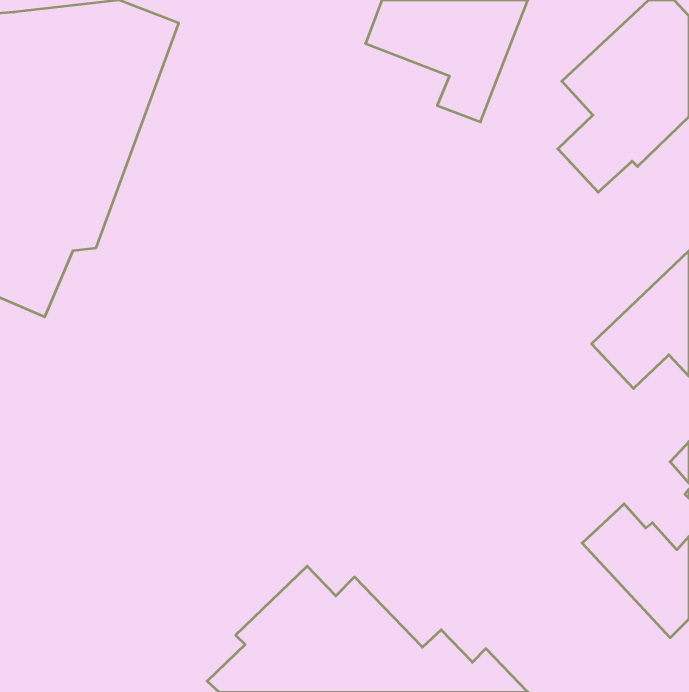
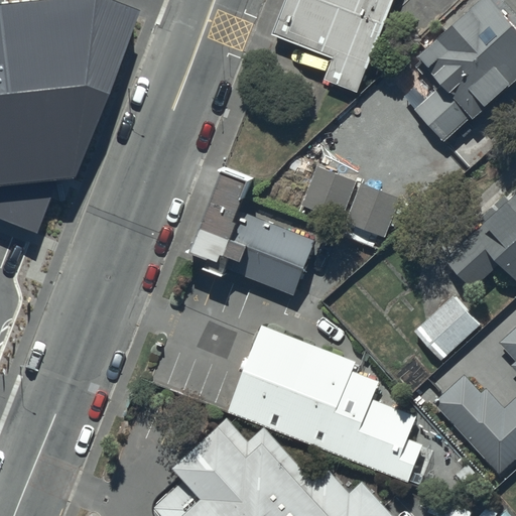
building: none -> [194,167,316,294]
building: none -> [301,167,399,240]
building: none -> [414,296,479,361]
building: none -> [228,324,423,481]

